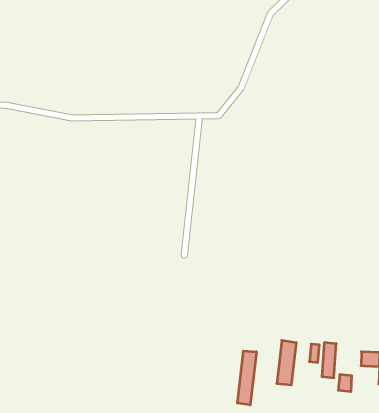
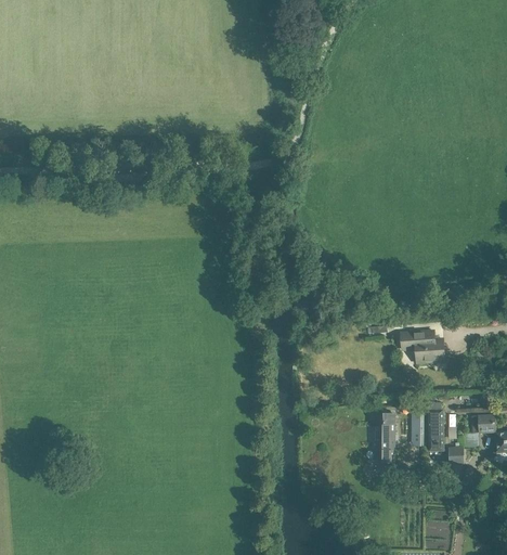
building: none -> [401,332,444,364]
building: [237,351,256,405] -> none

